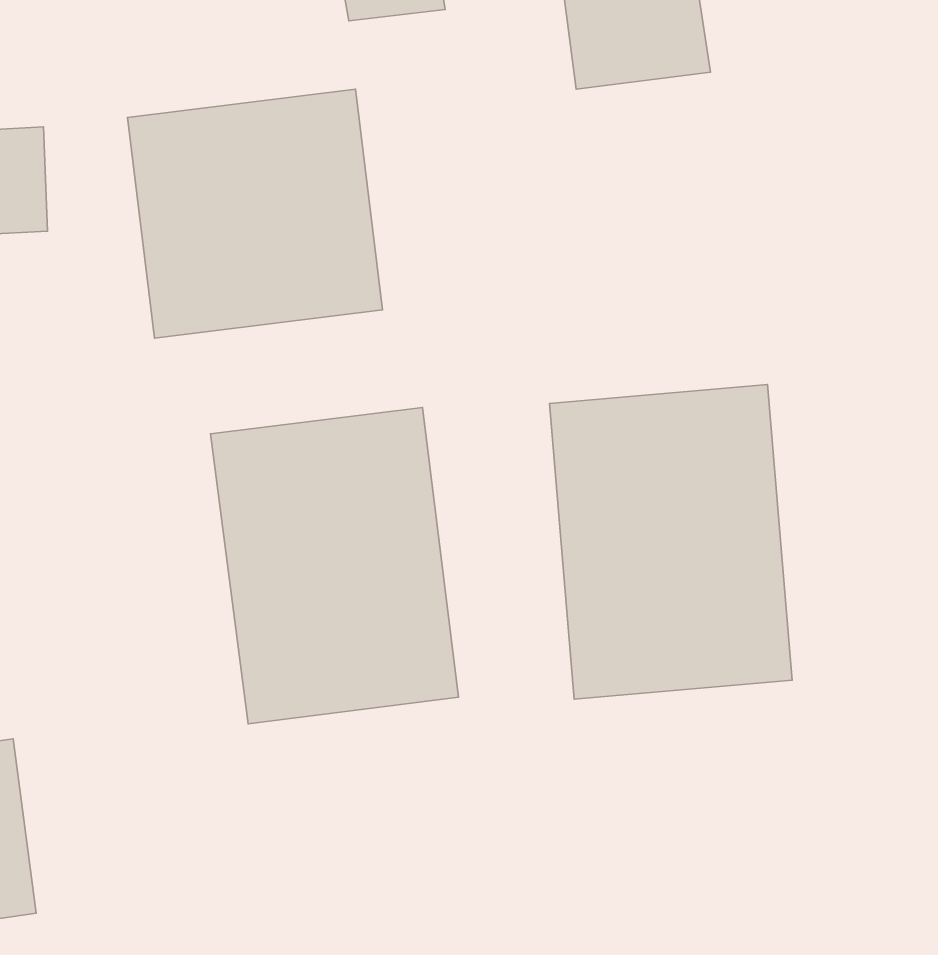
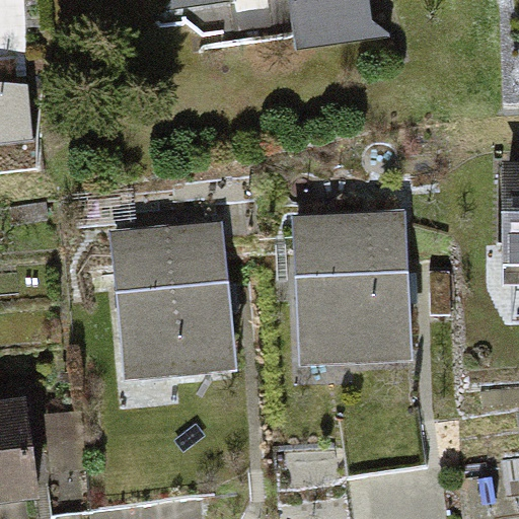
building: [128,89,382,338] -> none

